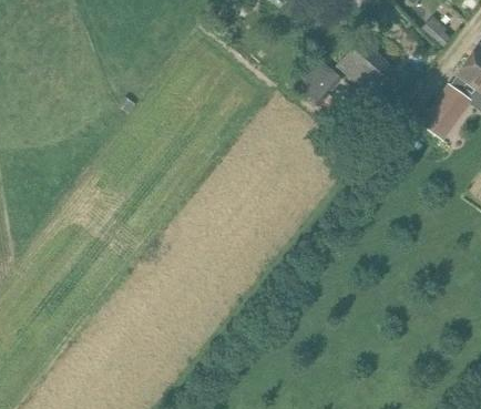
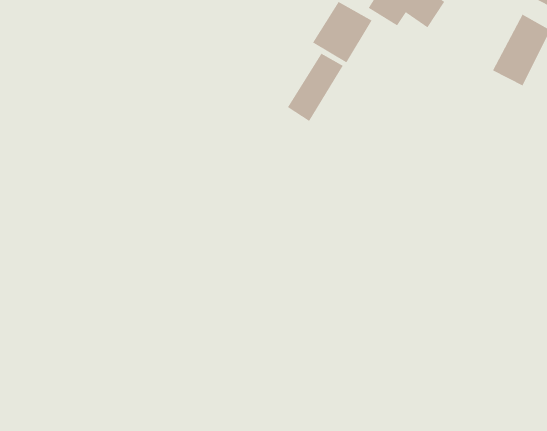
building: none -> [287,52,343,122]

